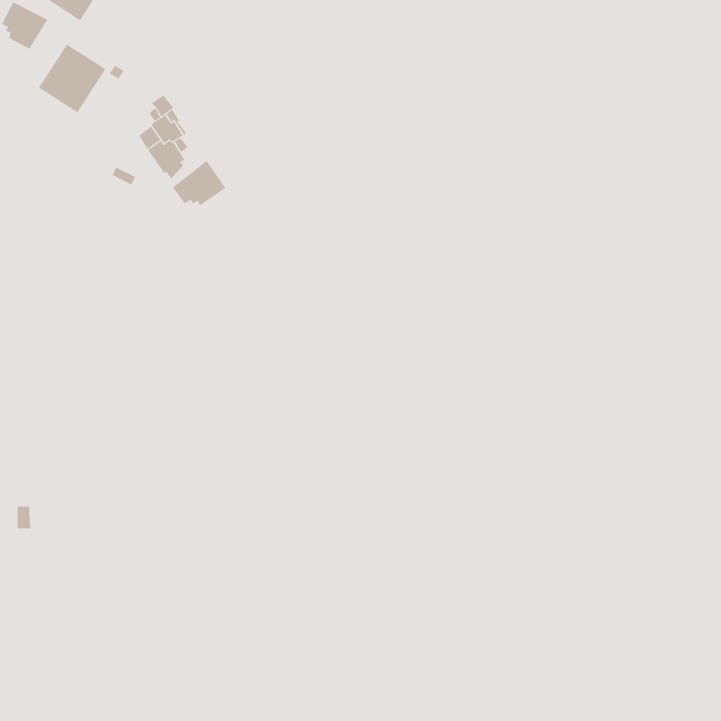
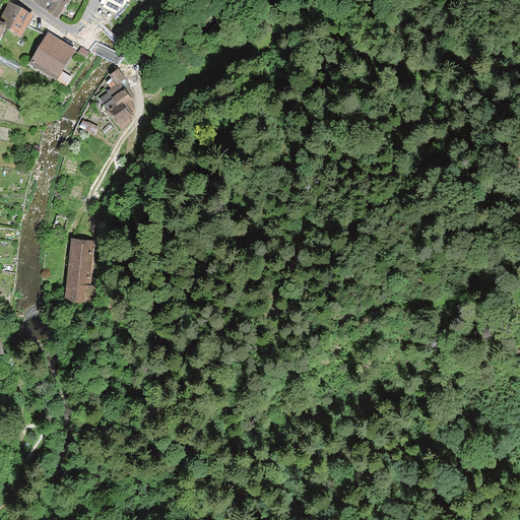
building: [172,160,226,206] -> none
building: none -> [64,238,93,302]

